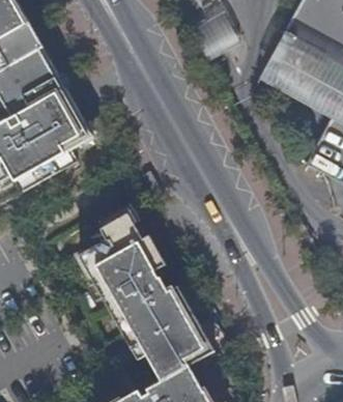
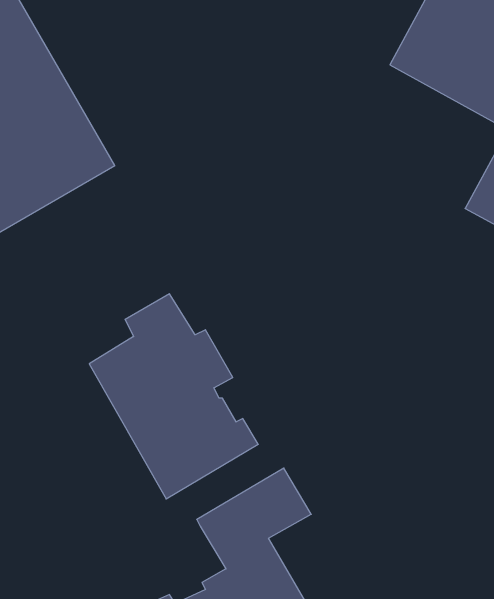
building: [123,284,195,358] -> none

